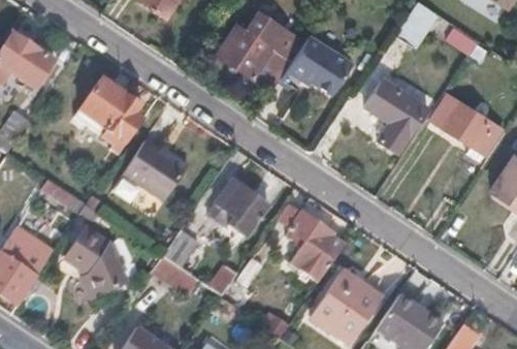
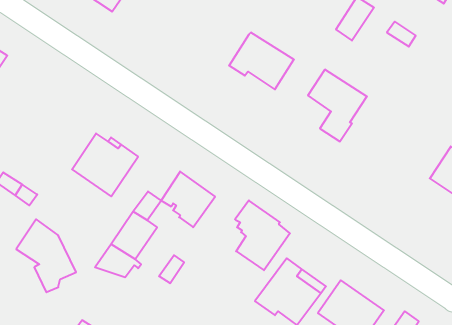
building: [215,9,304,90] -> none
building: [90,86,143,142] -> none
building: [429,97,499,154] -> none

